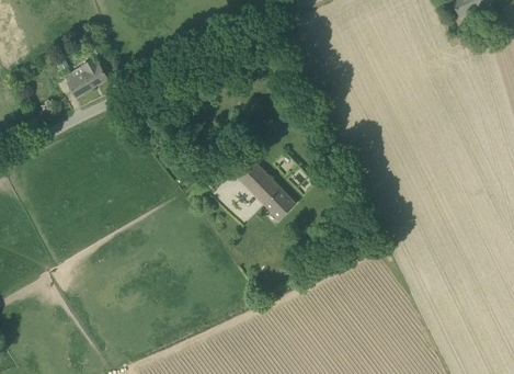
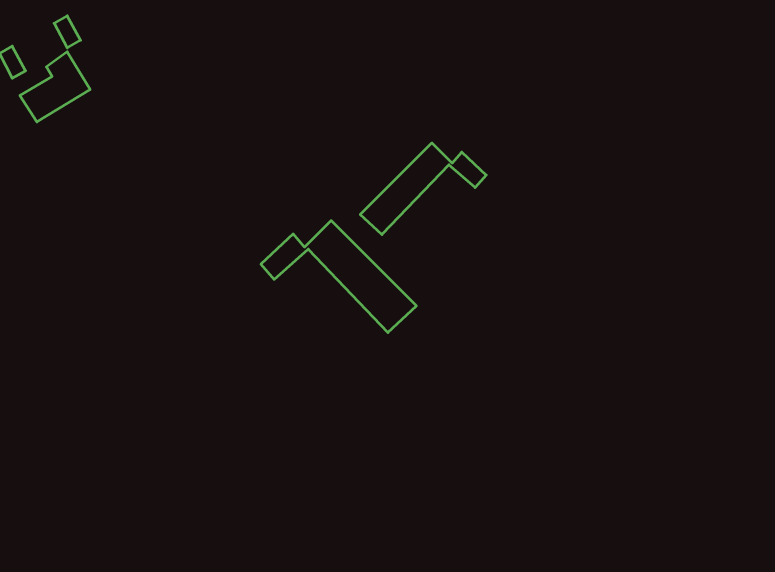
building: none -> [360,143,486,235]

